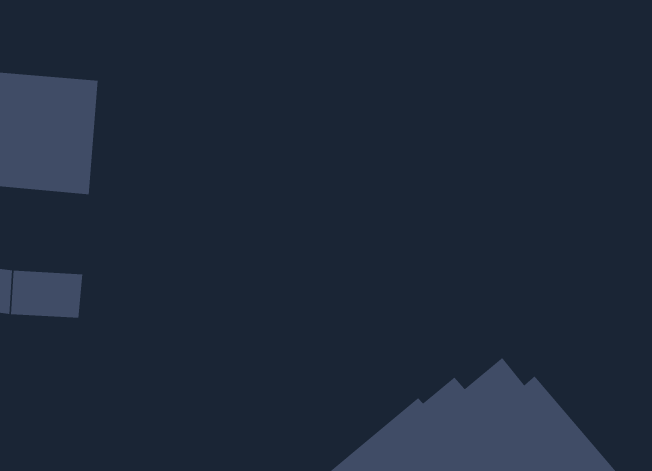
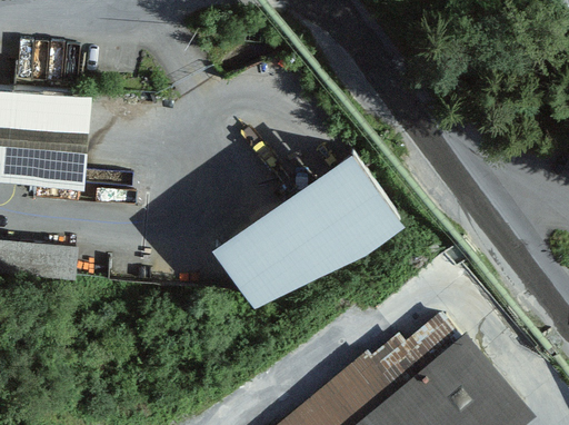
building: none -> [209,149,405,308]

